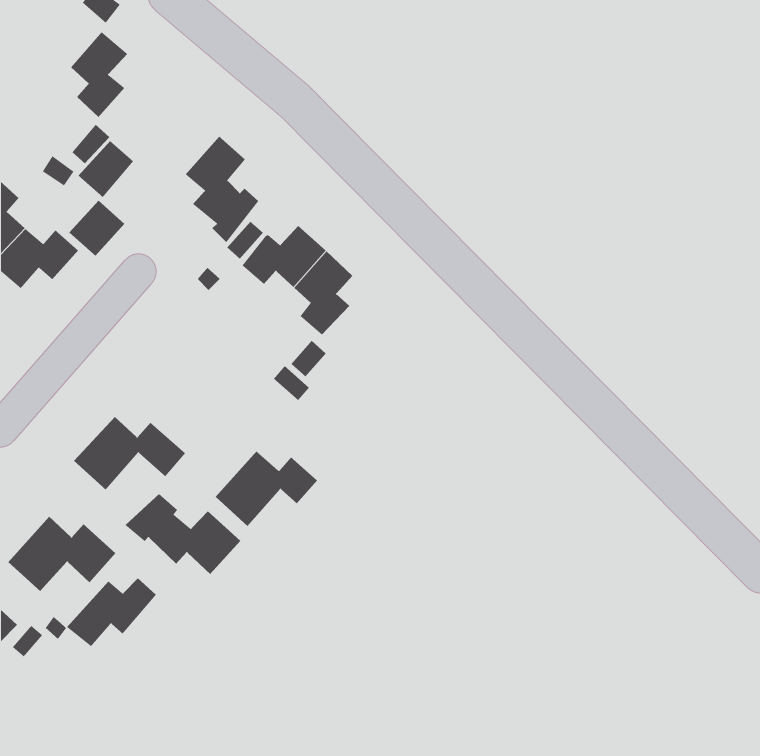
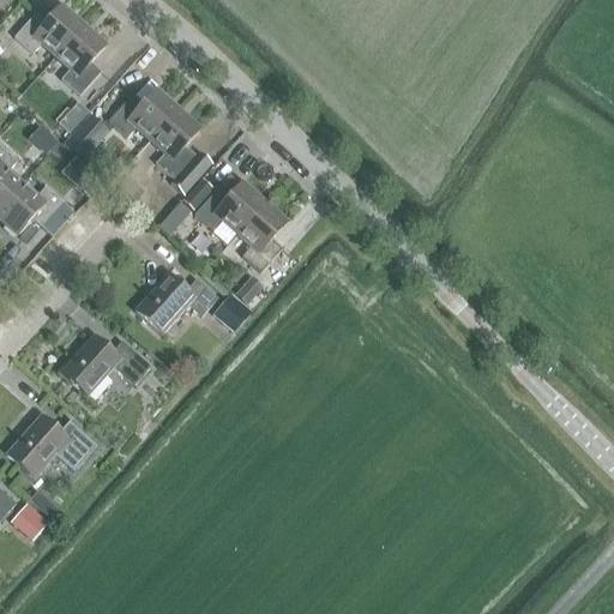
building: none -> [14,6,83,54]
building: none -> [108,89,177,140]
building: [215,451,318,527] -> [134,272,217,333]
building: [125,493,241,575] -> none
building: [66,578,157,647] -> none

